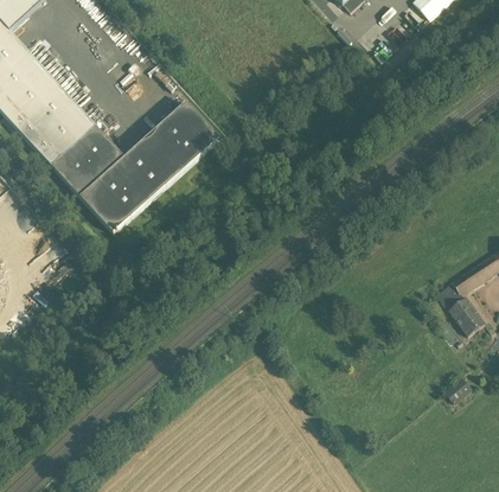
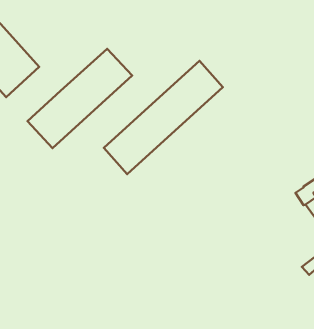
building: none -> [104,61,223,174]
building: [51,124,123,197] -> none

